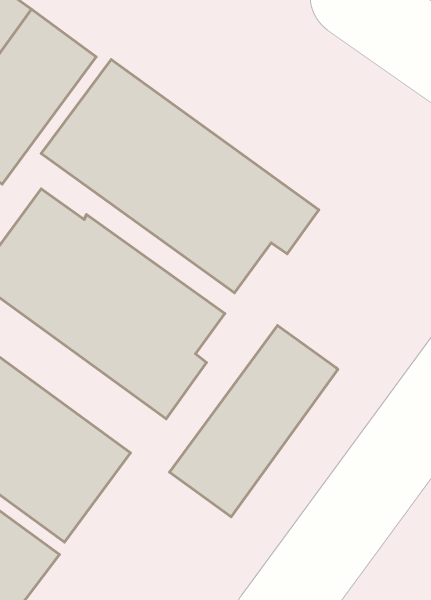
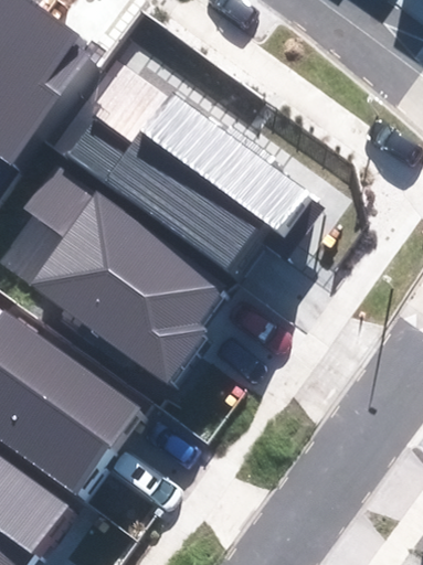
building: [170,325,338,517] -> none

